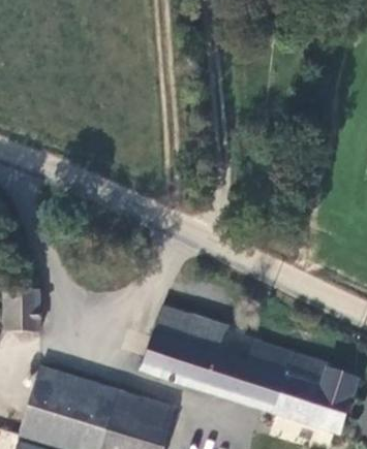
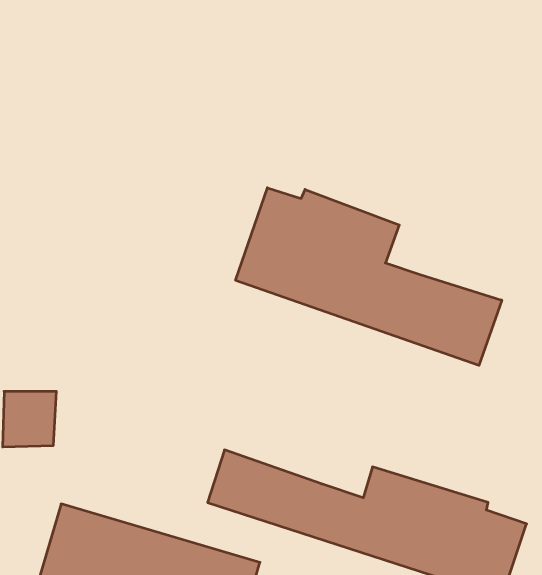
building: none -> [236,188,502,365]
building: [152,306,225,357] -> none

